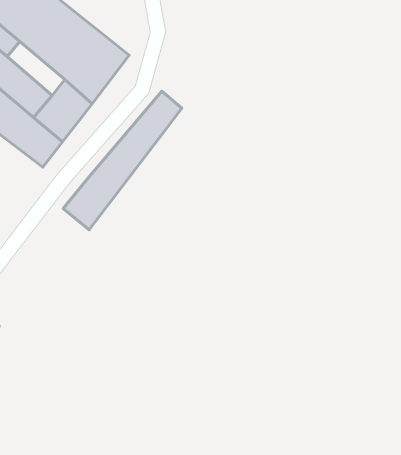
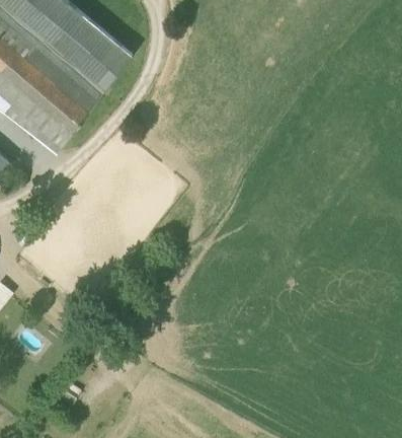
building: none -> [24,43,75,90]
building: [63,91,182,230] -> none

